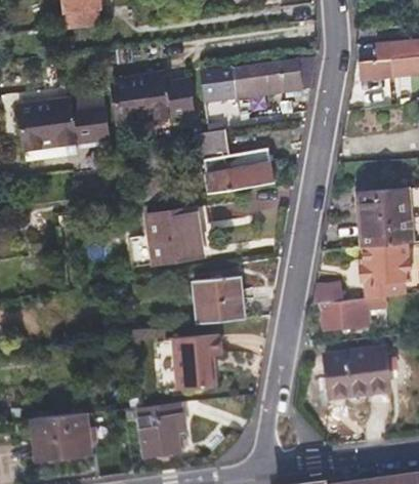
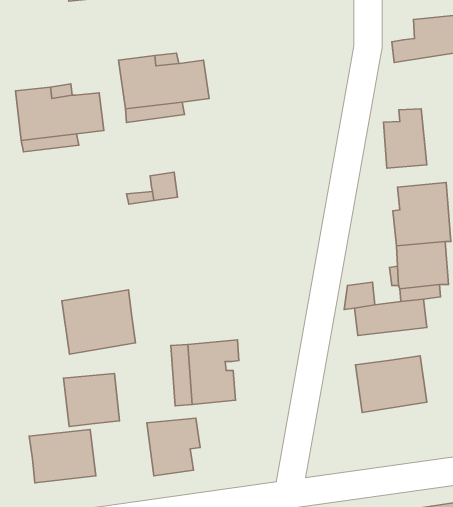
building: [201,54,318,99] -> none
building: none -> [383,109,427,168]
building: [192,128,273,194] -> none
building: [148,205,214,264] -> [62,290,135,354]
building: [194,275,244,324] -> none
building: none -> [64,373,120,427]

